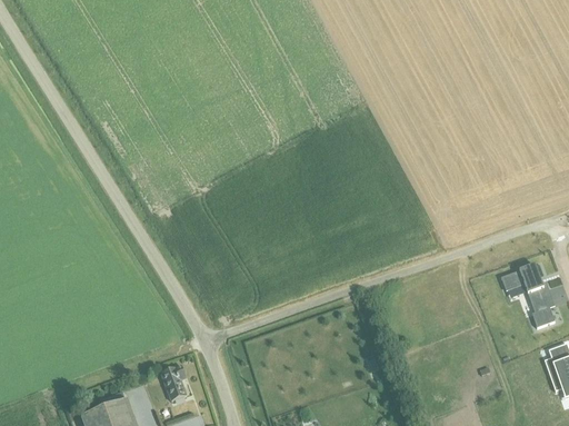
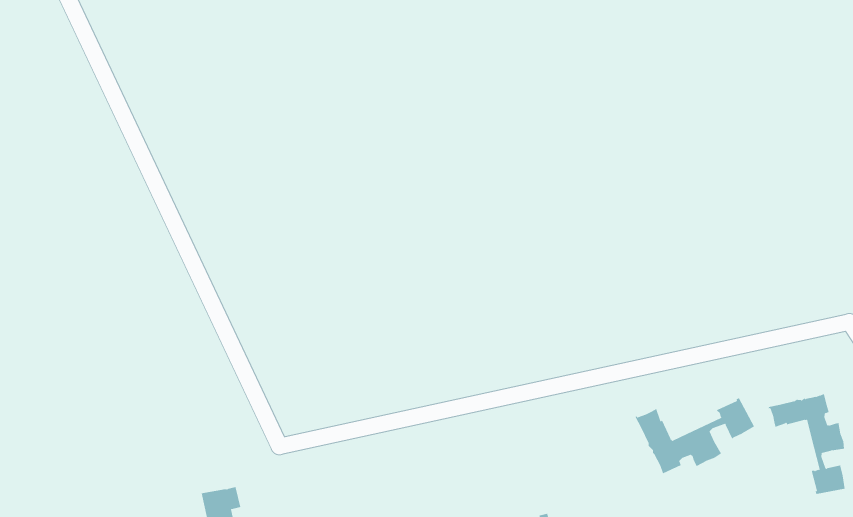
building: none -> [635,398,755,474]

